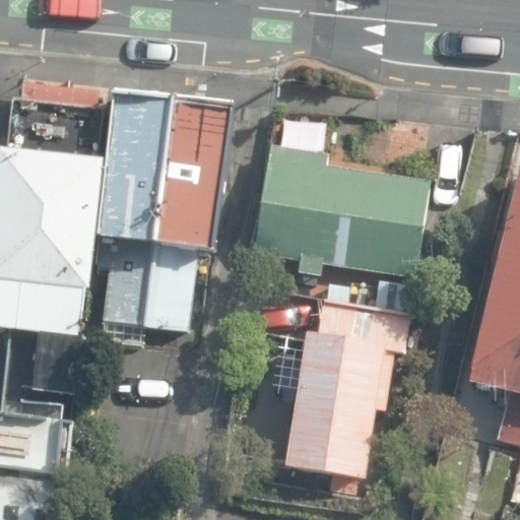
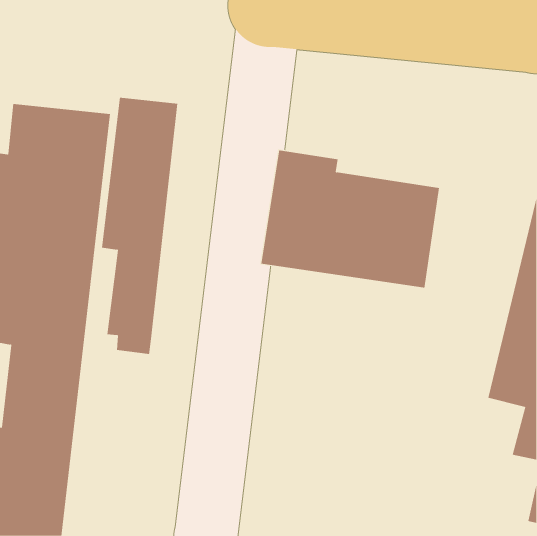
building: [146,100,231,331] -> none
building: [286,300,410,479] -> none

